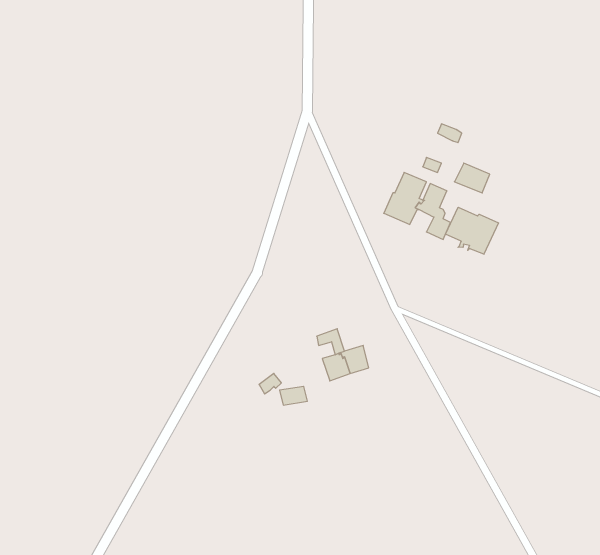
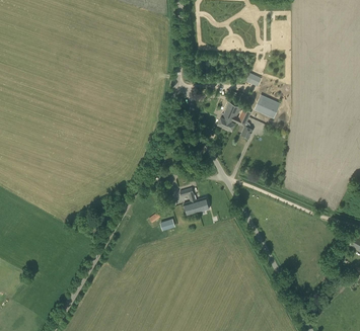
building: [446,207,498,254] -> none

